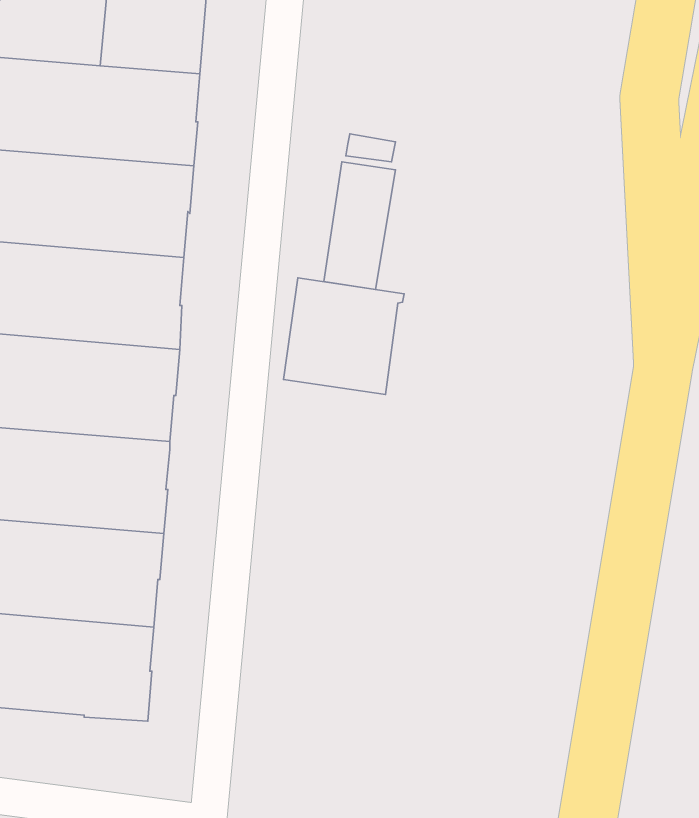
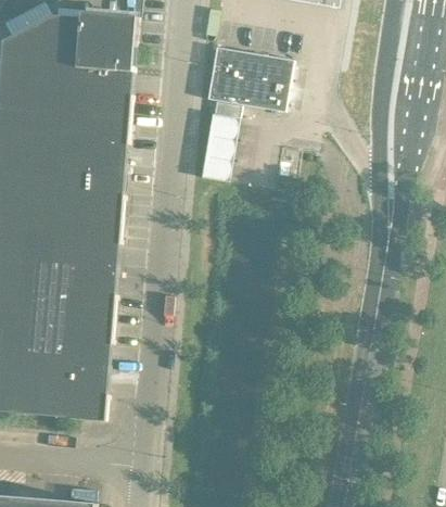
building: none -> [204,45,290,110]
building: [283,278,404,394] -> none

